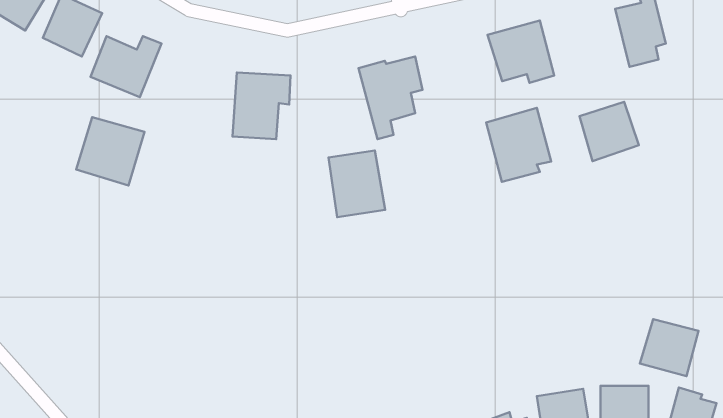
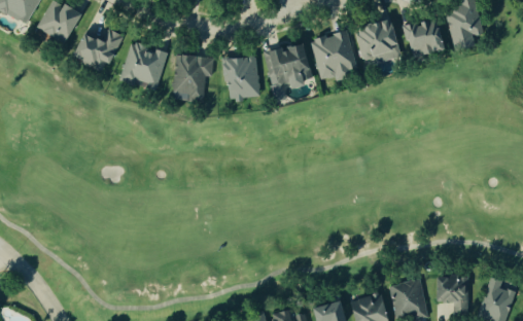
building: [579,102,639,161] -> [403,16,445,59]
building: [486,108,551,182] -> [312,30,358,82]
building: [76,117,144,185] -> [120,42,169,91]
building: [328,150,385,217] -> [222,53,263,101]
building: [640,319,698,376] -> none

